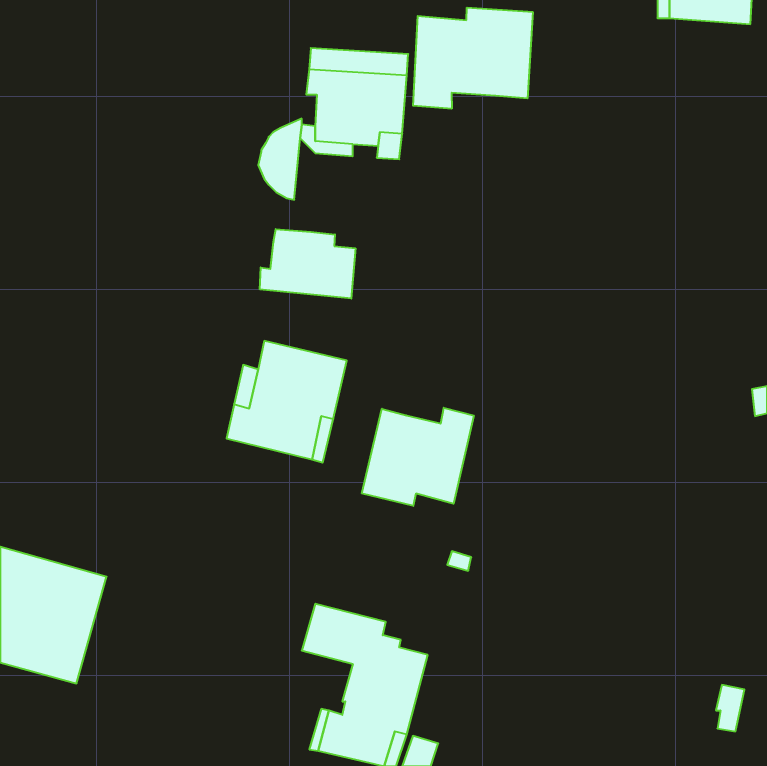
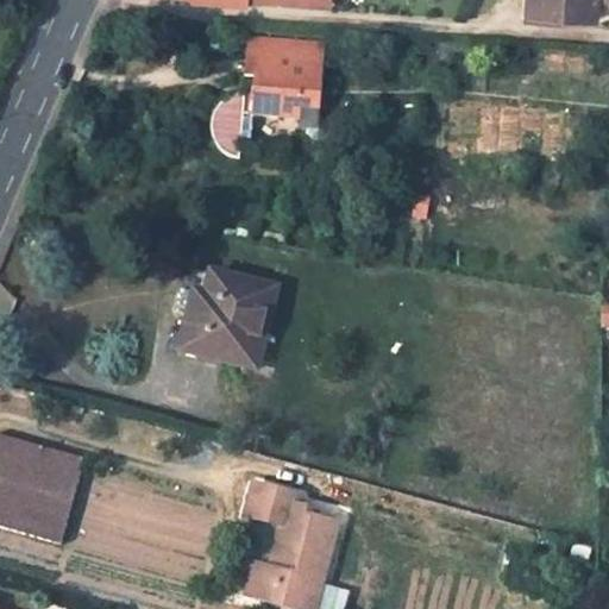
building: [413,8,533,109] -> none
building: [260,229,355,299] -> none
building: [362,408,474,506] -> none

